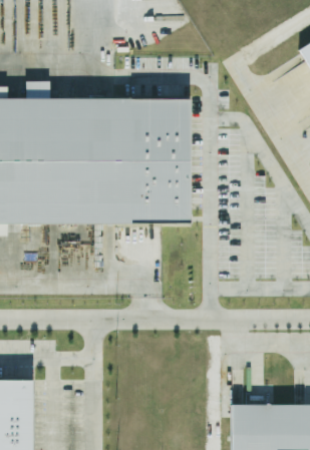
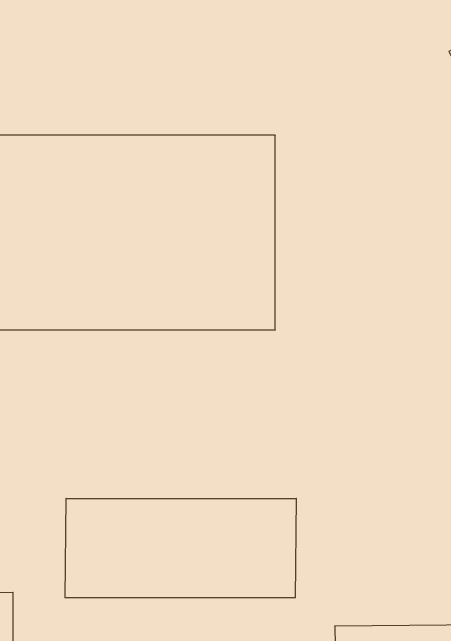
building: none -> [65,498,296,598]

